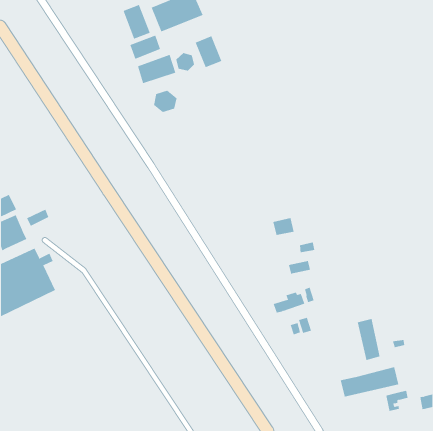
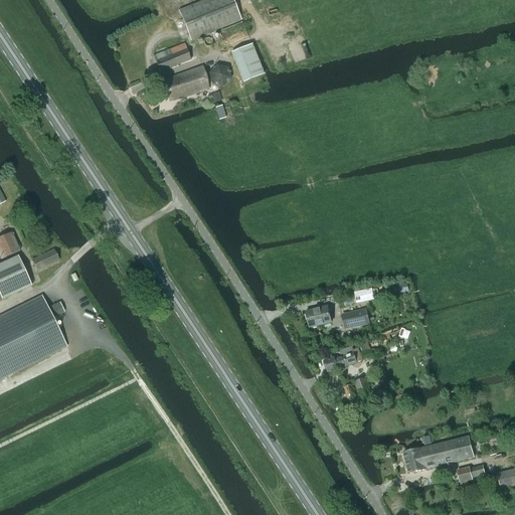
building: [123,4,150,39] -> none
building: [154,90,177,113] -> none
building: [273,218,295,235] -> [306,304,332,325]
building: [357,318,380,361] -> none

